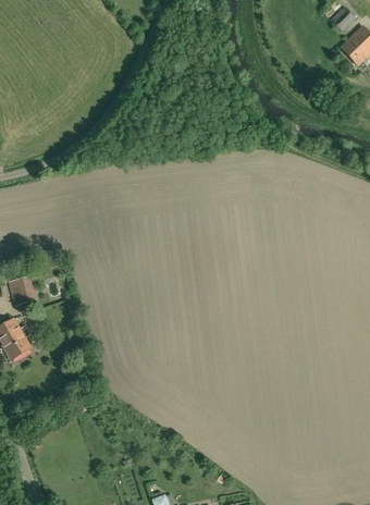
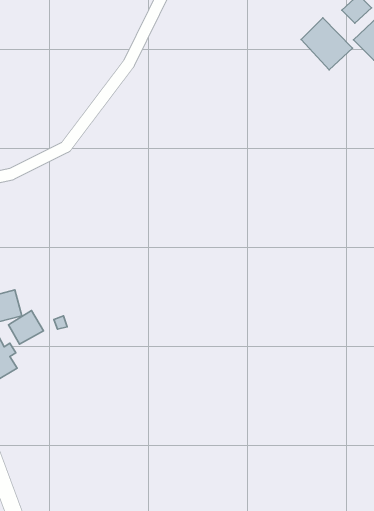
building: none -> [301,18,352,70]
building: none -> [9,311,44,344]

